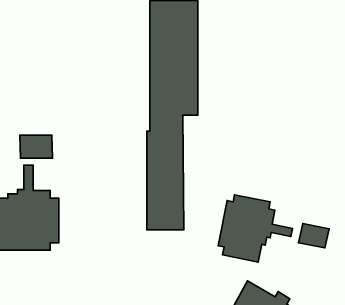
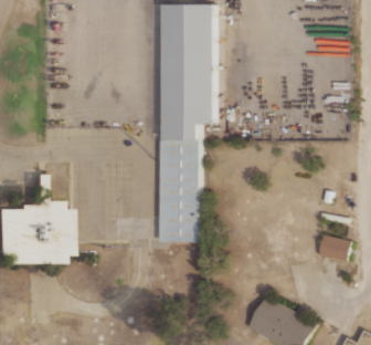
building: [20,135,52,158] -> none
building: [218,195,293,262] -> none

